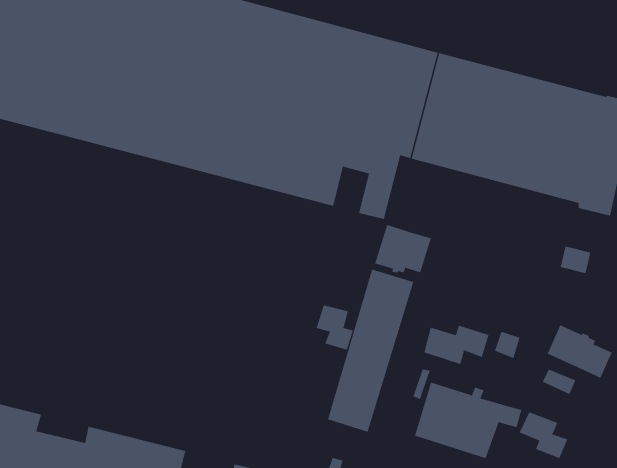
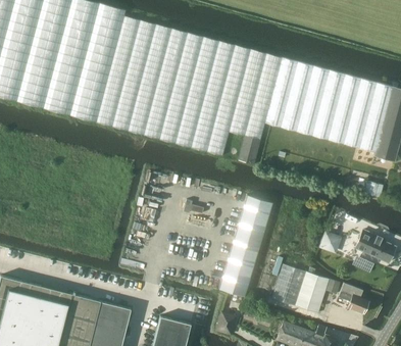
building: [374,224,431,273] -> none
building: [316,304,353,350] -> none
building: [424,325,489,365] -> none

